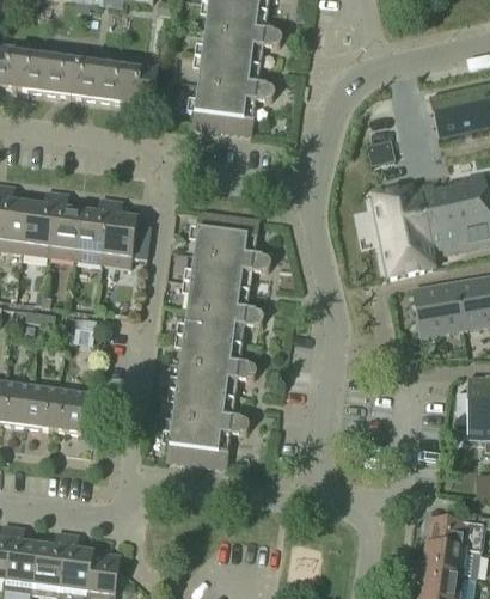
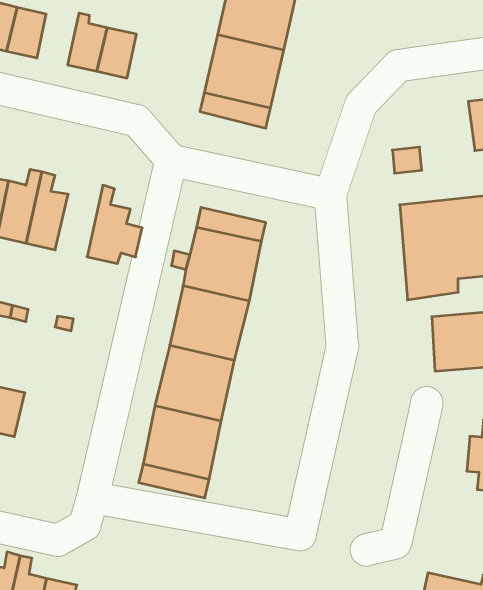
building: [43,48,76,96] -> none
building: [124,63,158,106] -> none
building: [74,198,111,264] -> none
building: [53,390,86,434] -> none

